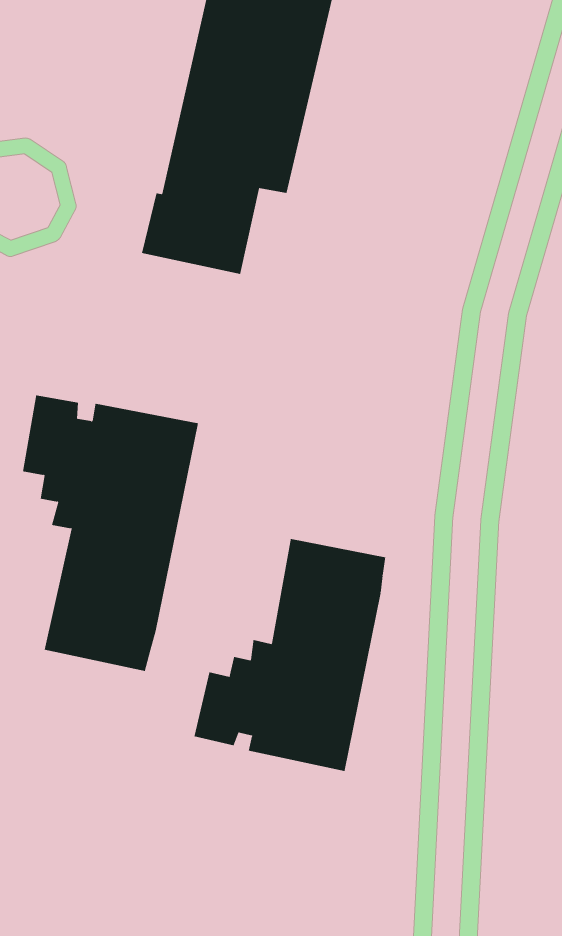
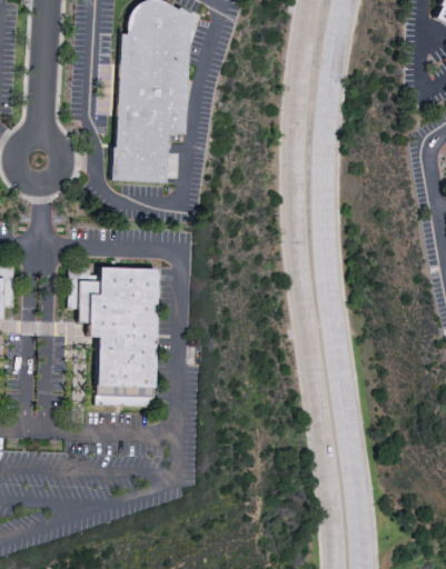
building: [194,538,386,772] -> none

